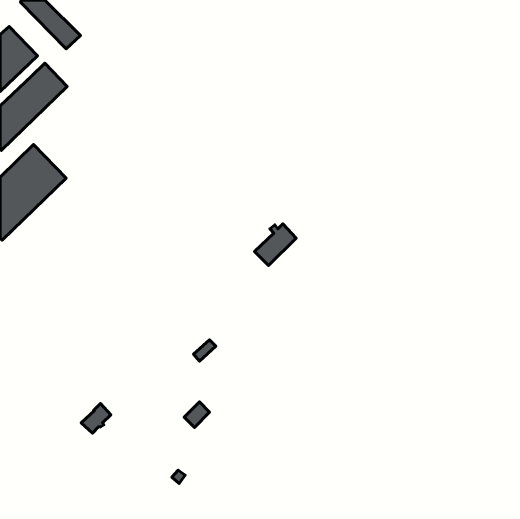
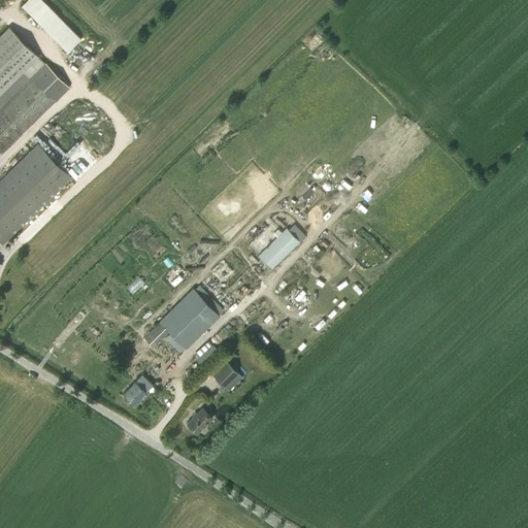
building: none -> [143,290,219,349]
building: none -> [213,362,242,391]
building: [81,404,111,433] -> [123,374,153,404]

